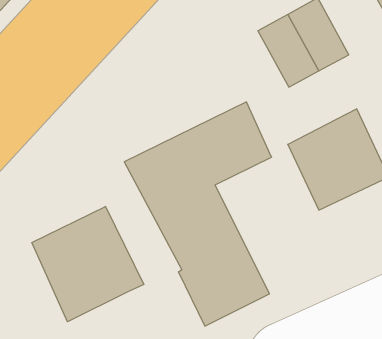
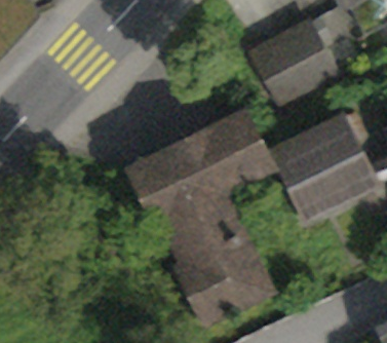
building: [32,206,144,322] -> none

